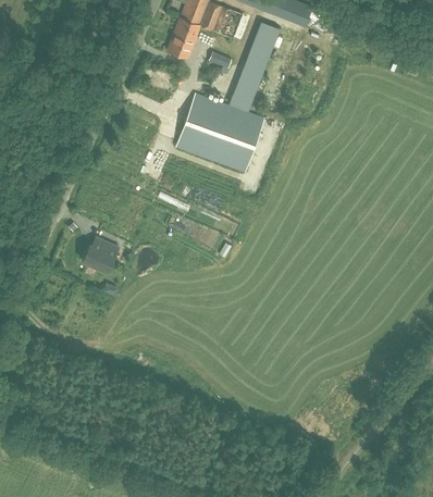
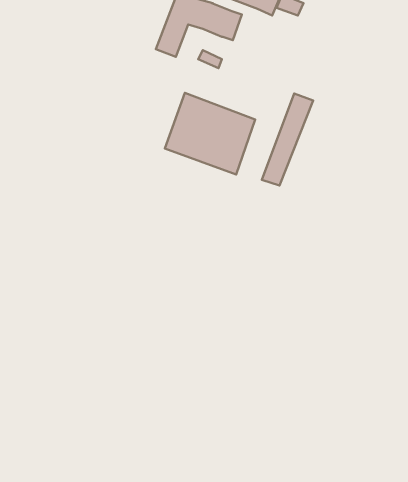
building: [230,22,280,111] -> [262,94,313,185]
building: [82,238,117,273] -> none

